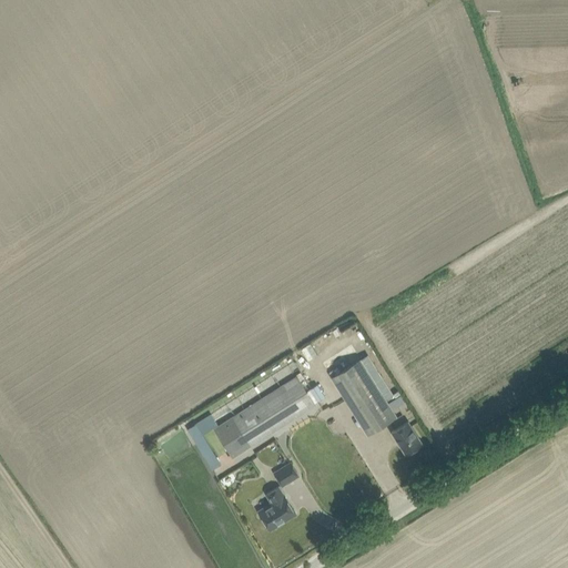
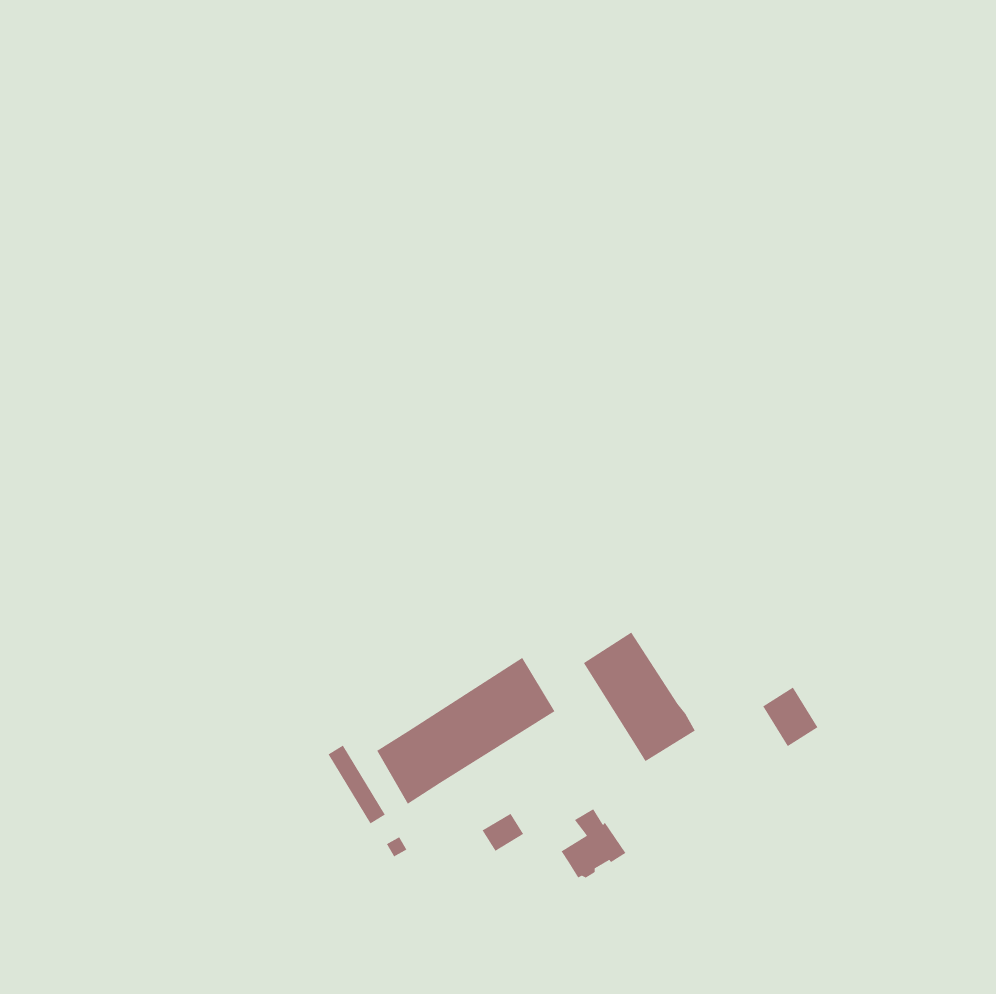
building: [390,422,423,456] -> [762,687,819,747]
building: [258,488,296,528] -> [560,808,627,878]

